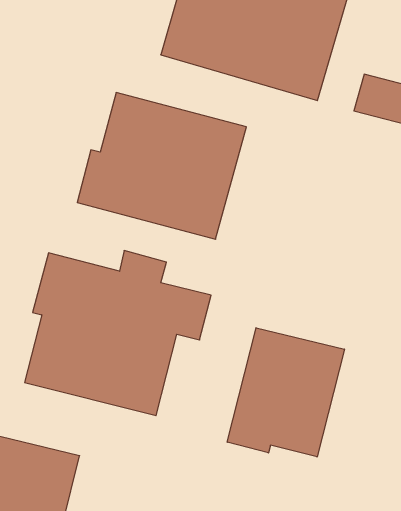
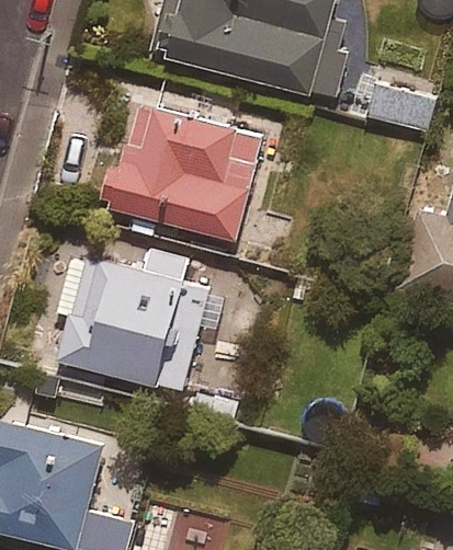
building: [227,328,344,457] -> none

